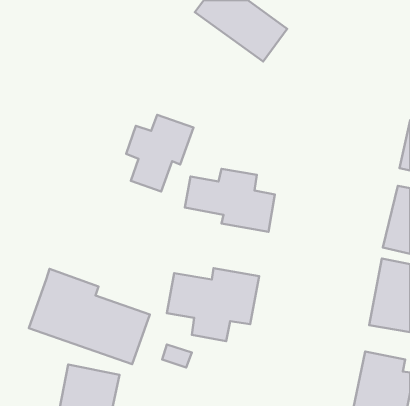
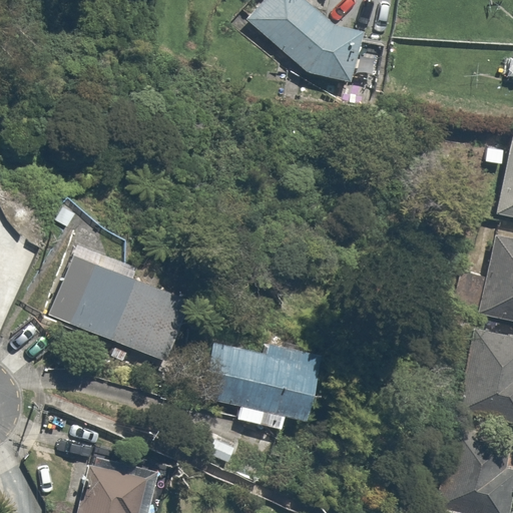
building: [126,115,193,192] -> none
building: [185,169,275,232] -> none
building: [29,269,150,364] -> [50,244,201,364]

